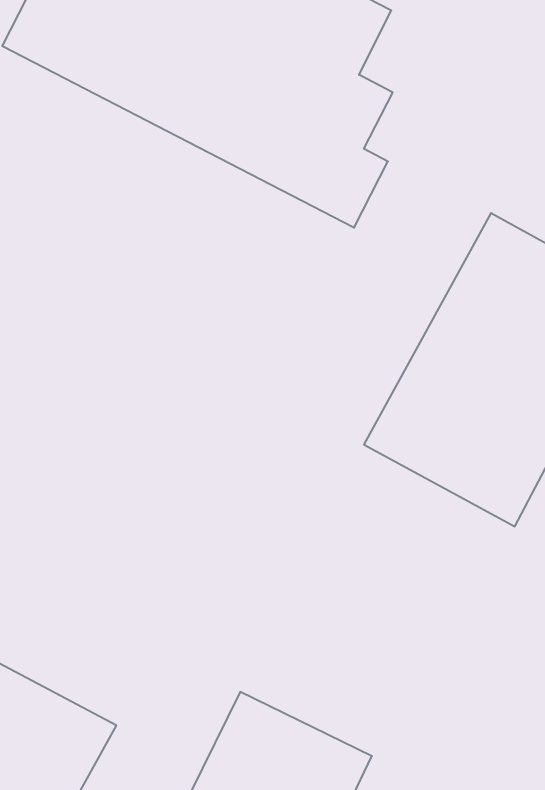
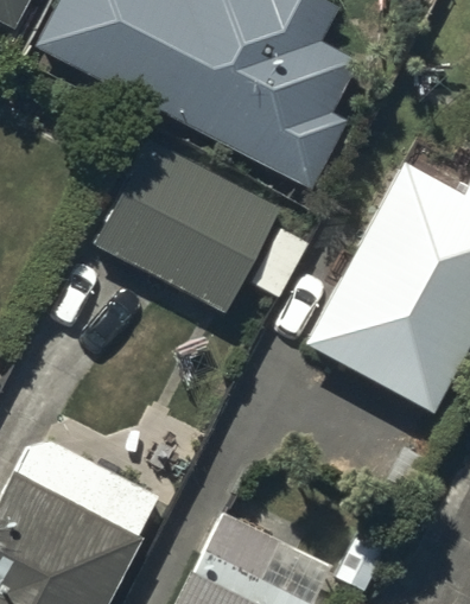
building: none -> [91,154,280,329]

